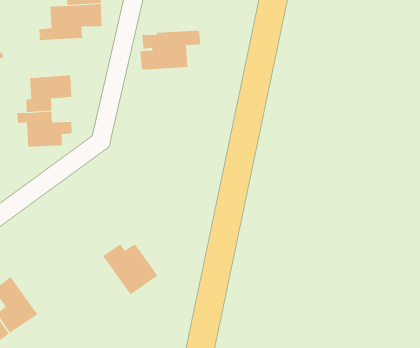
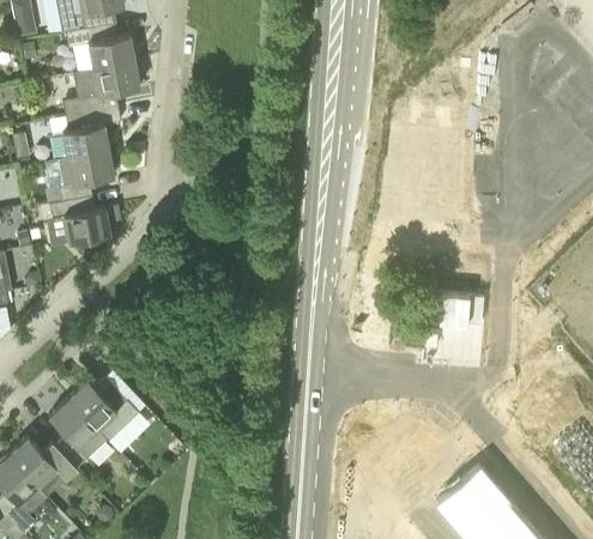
building: [140,30,201,70] -> [49,105,121,161]
building: [102,243,158,295] -> [68,378,138,441]

